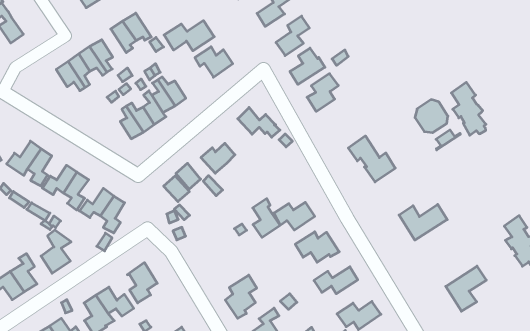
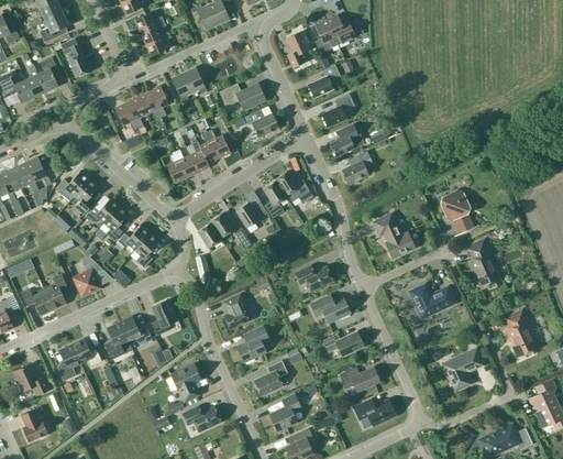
building: [451,82,486,135] -> [467,239,496,288]
building: none -> [263,182,286,218]
building: [253,199,280,237] -> [223,294,249,329]

